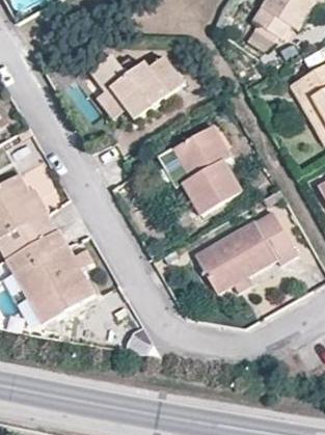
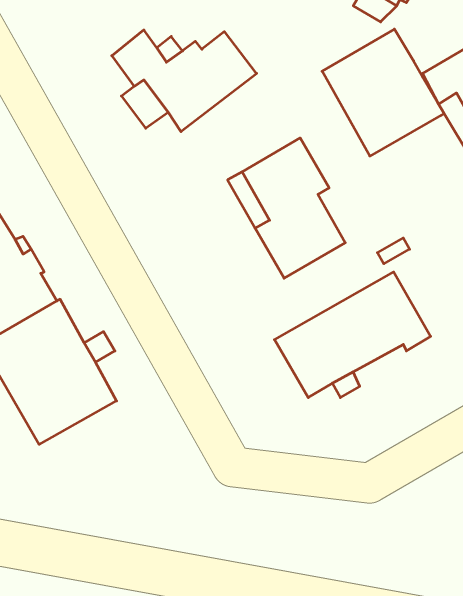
building: none -> [322,29,444,156]

